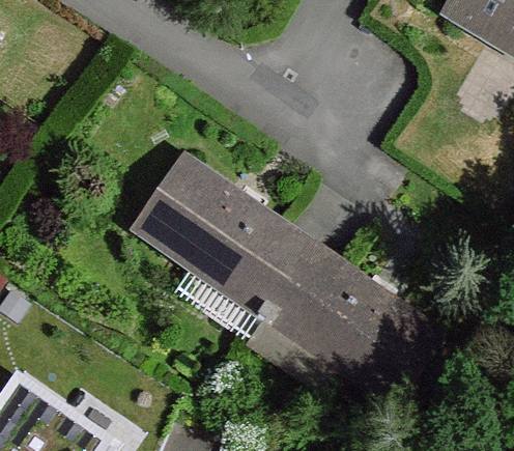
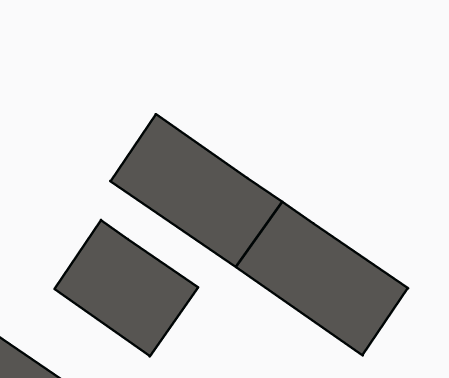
building: none -> [55,220,198,356]

